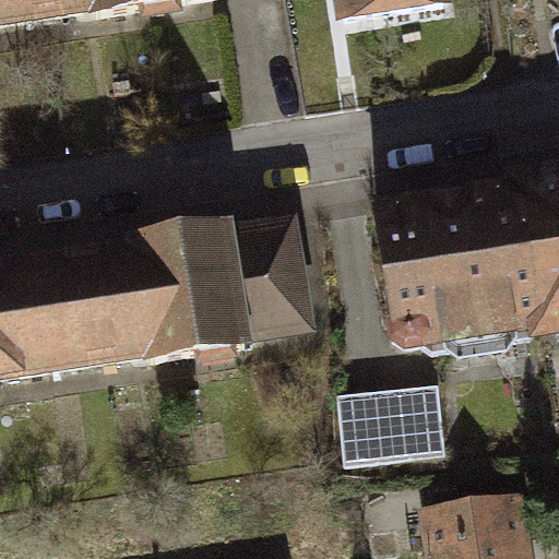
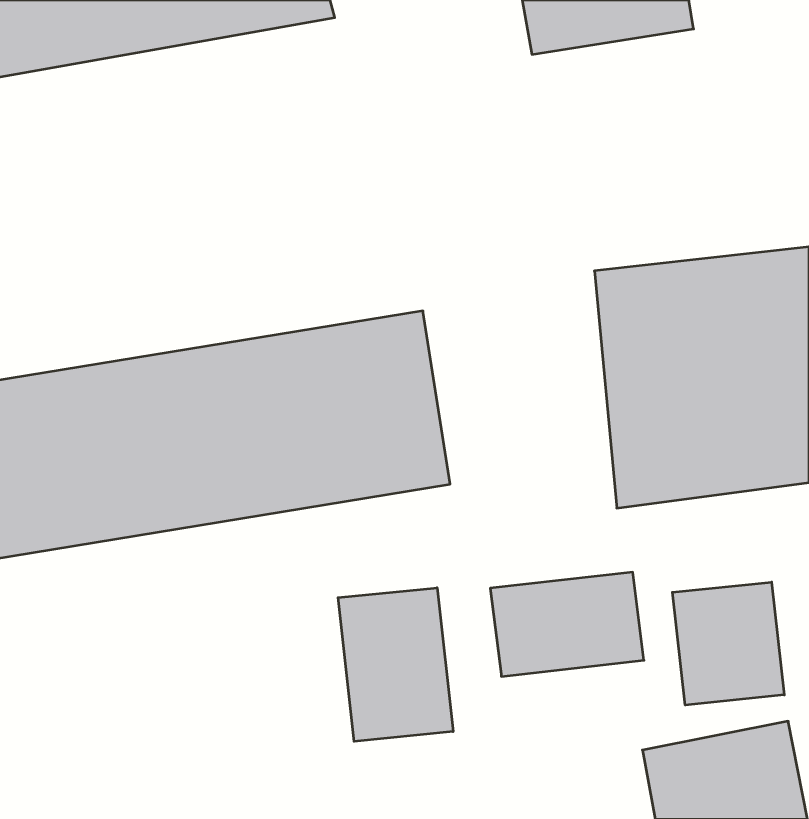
building: none -> [672,582,784,705]
building: none -> [338,588,453,741]

